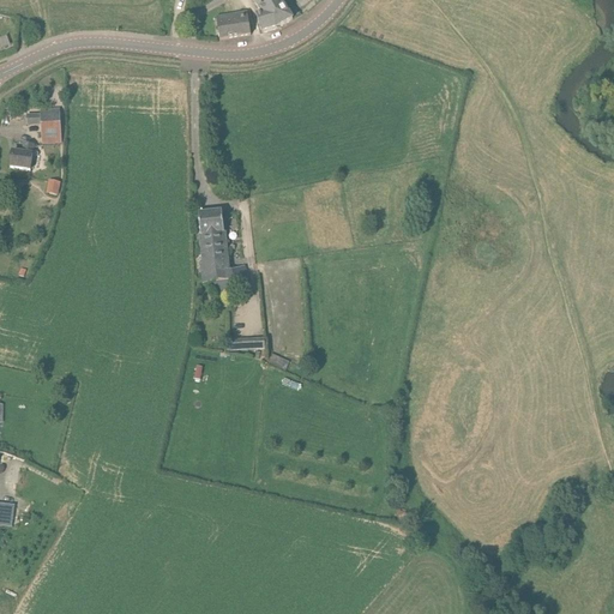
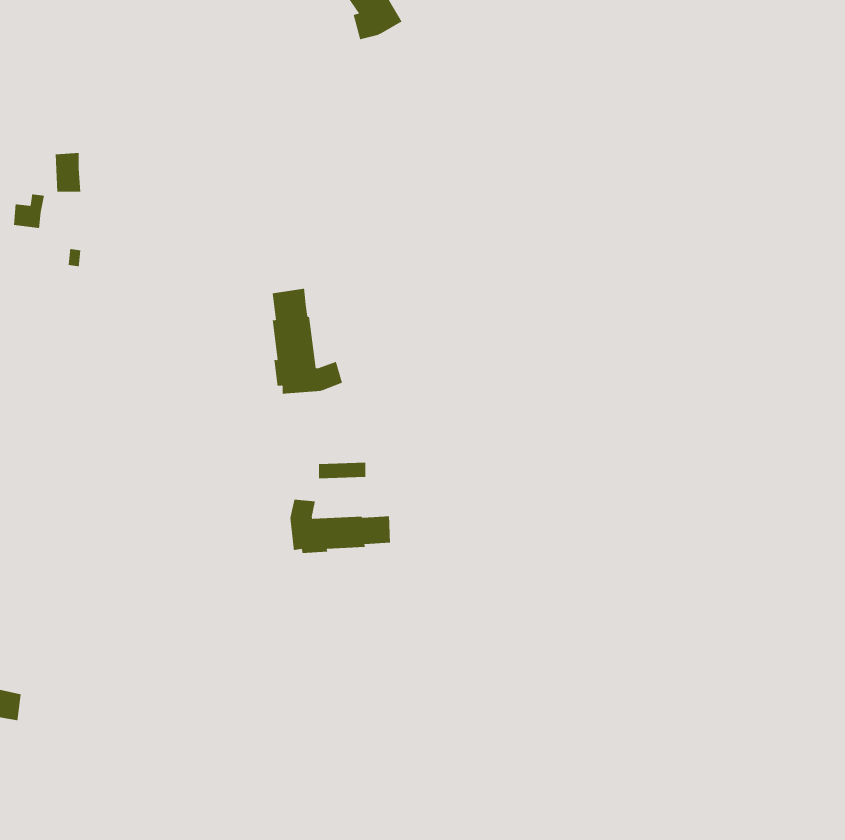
building: [215,7,249,36] -> none
building: none -> [290,499,390,554]

